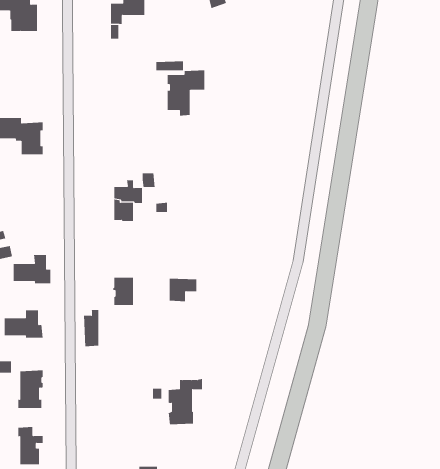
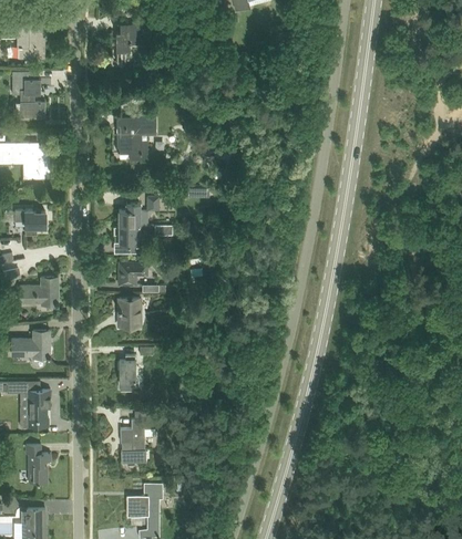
building: none -> [12,72,44,114]
building: [167,70,205,116] -> [116,114,154,159]
building: none -> [14,210,45,234]
building: [169,278,197,302] -> [119,262,146,286]
building: [83,310,99,347] -> [119,355,134,392]
building: [168,379,203,425] -> [120,418,154,464]

